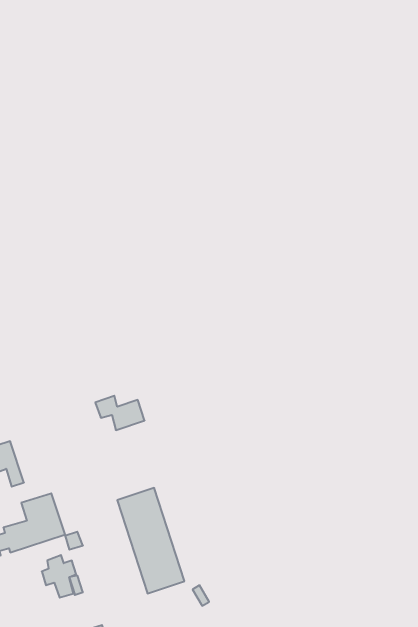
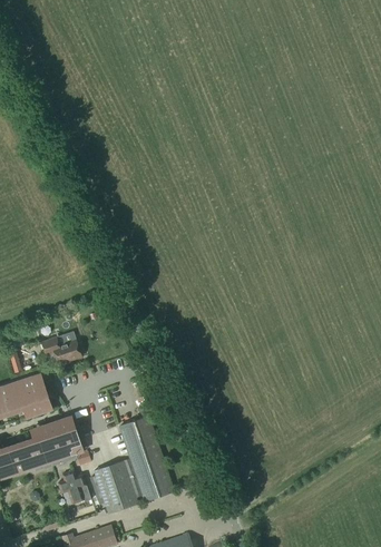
building: [95,396,145,430] -> [41,336,81,364]
building: none -> [94,461,138,514]

